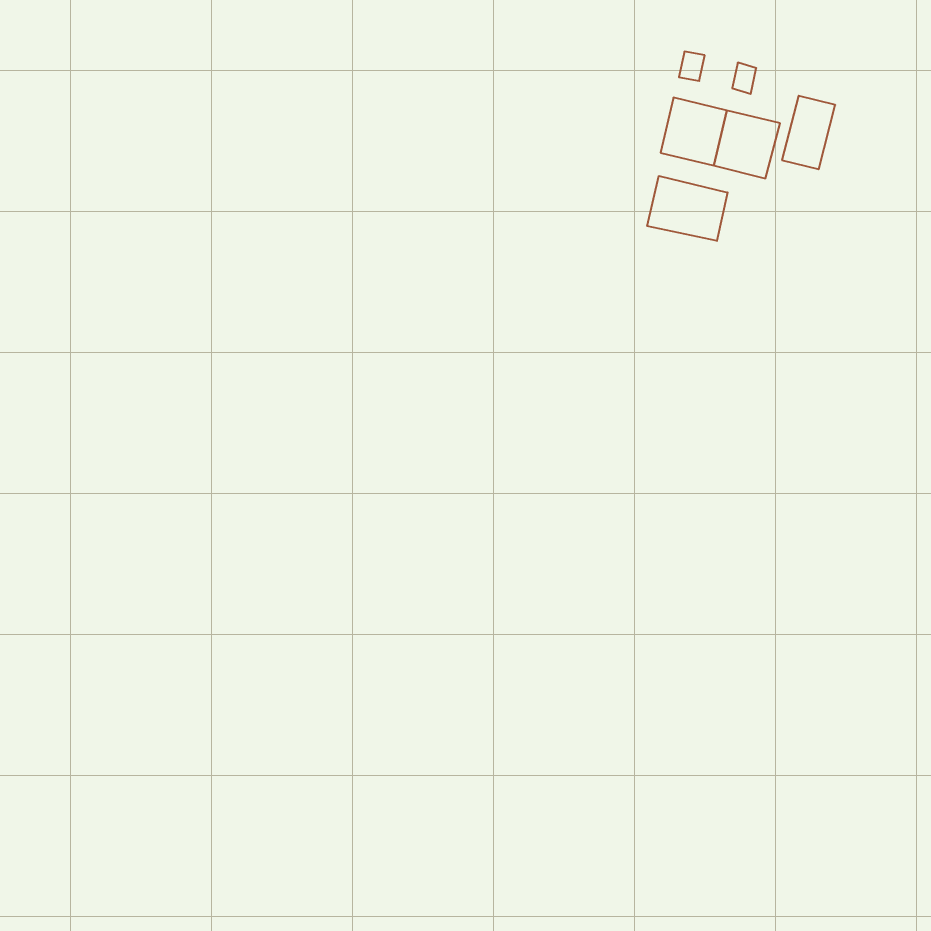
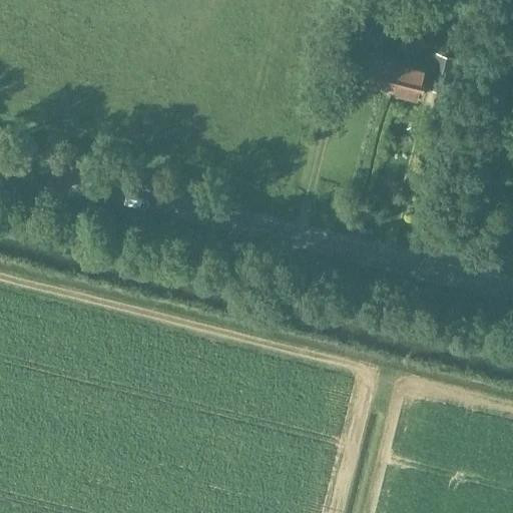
building: [647,176,728,241] -> none

